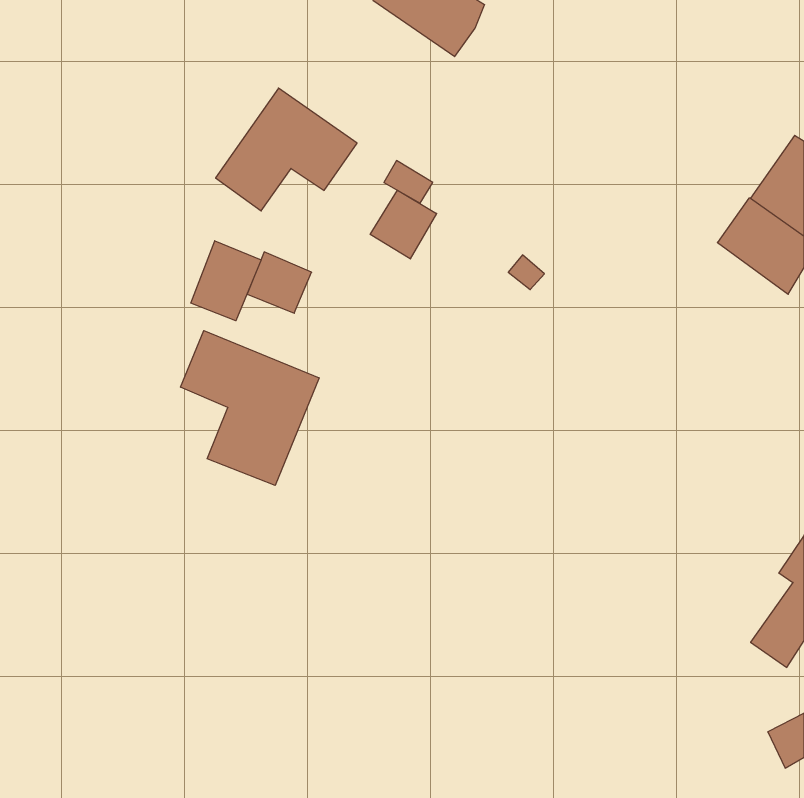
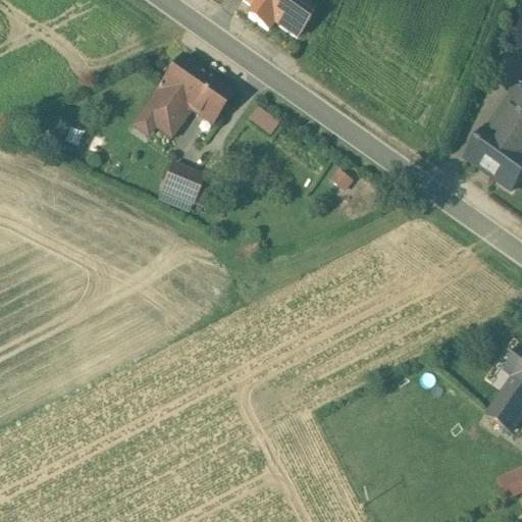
building: [370,190,437,259] -> none
building: [191,241,261,321] -> none
building: [181,331,319,485] -> none

